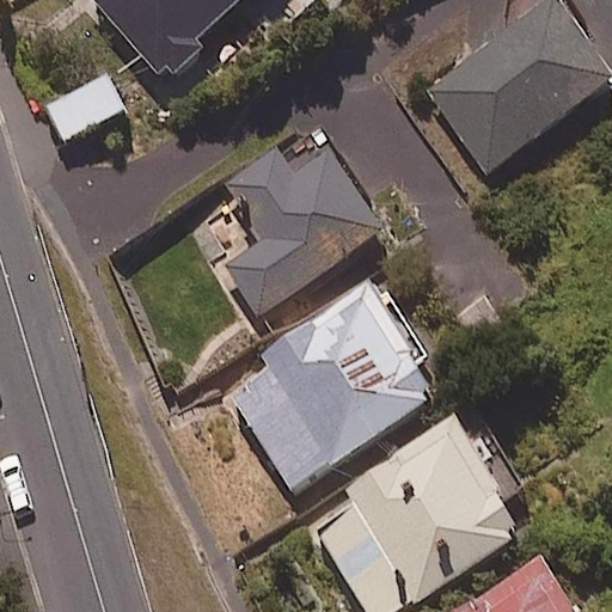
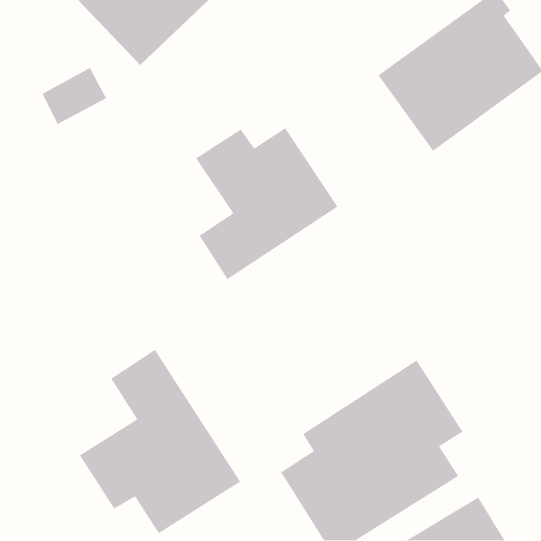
building: [228,286,439,492] -> none
building: none -> [79,349,241,534]

